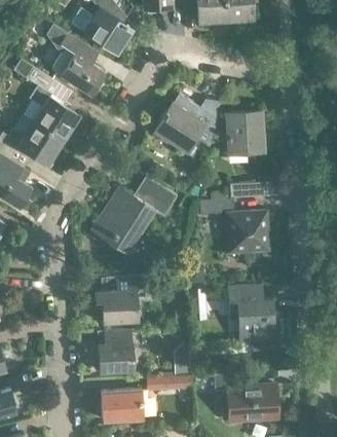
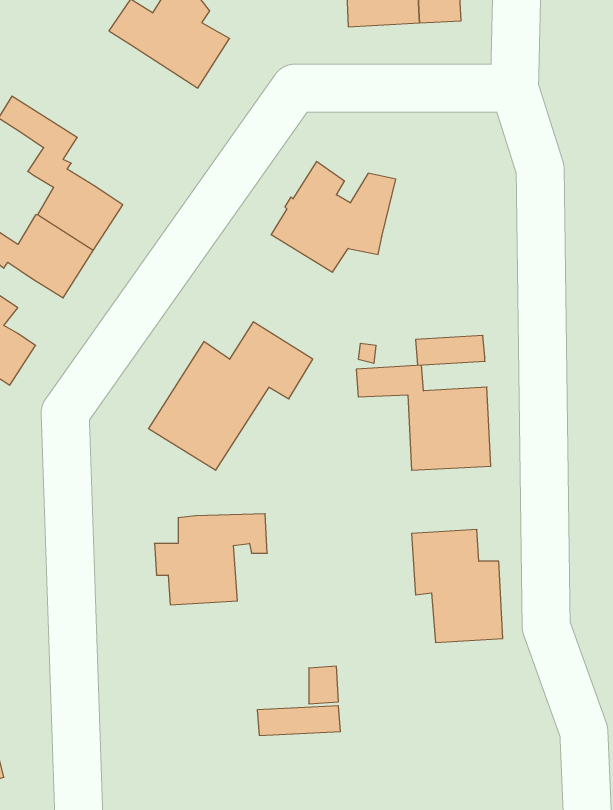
building: [52,29,107,98] -> none
building: [214,103,265,155] -> none
building: [99,330,135,373] -> none
building: [215,373,280,423] -> none
building: [102,390,144,421] -> none

